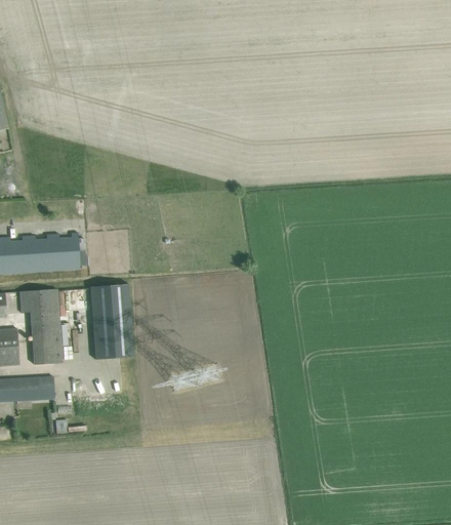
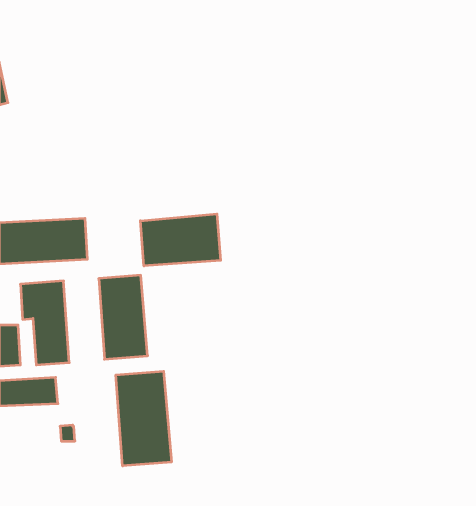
building: none -> [140,214,221,266]
building: none -> [116,371,171,466]

